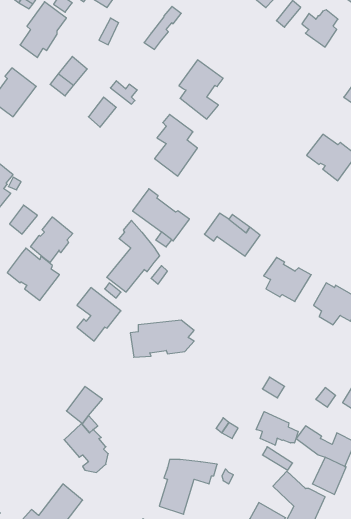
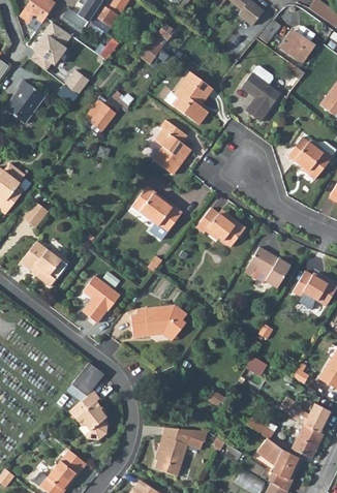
building: none -> [241,66,279,122]
building: [31,217,73,263] -> none
building: [107,220,160,292] -> none
building: [256,412,298,445] -> none

